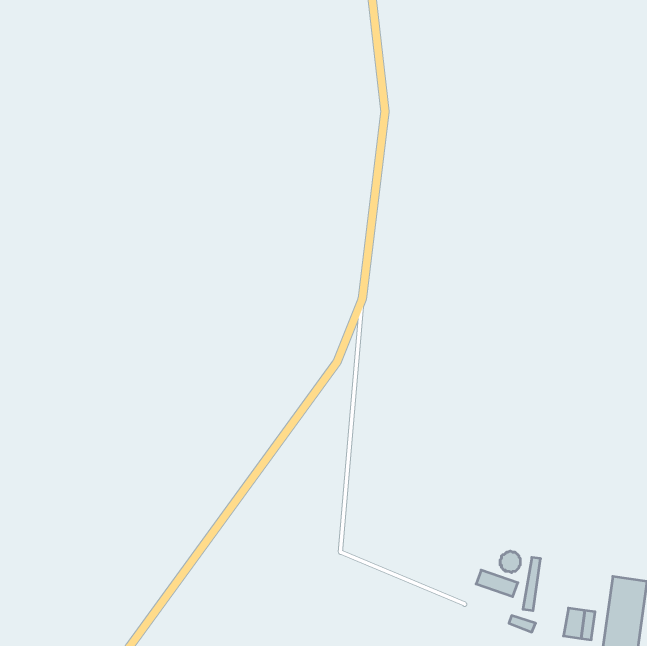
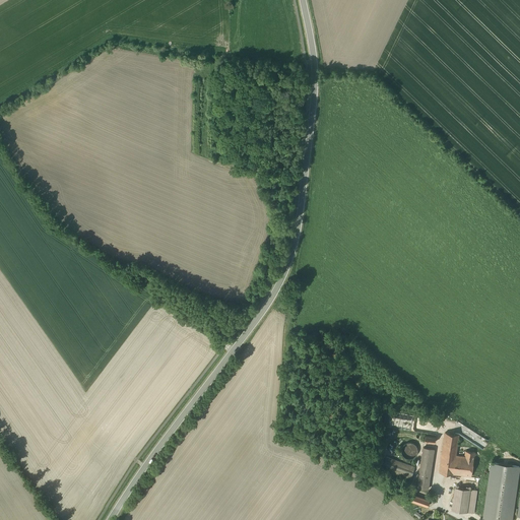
building: none -> [440,434,475,477]

